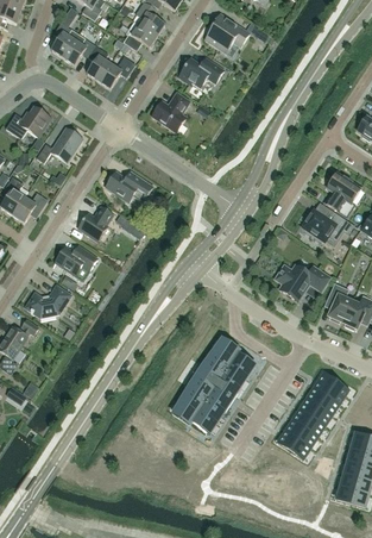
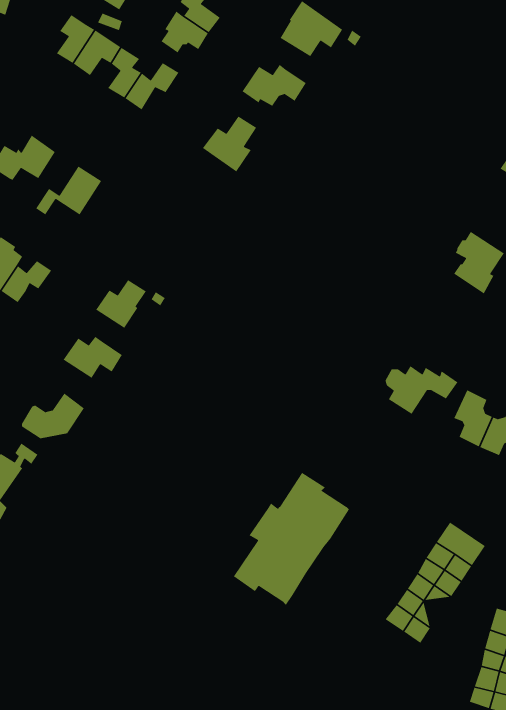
building: [105,171,152,202] -> none
building: [302,209,352,240] -> none

